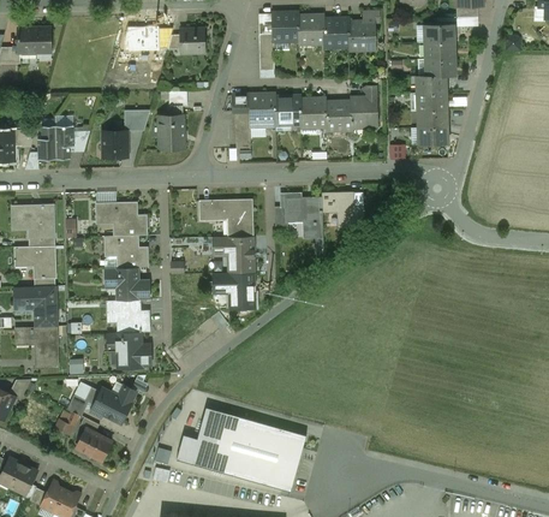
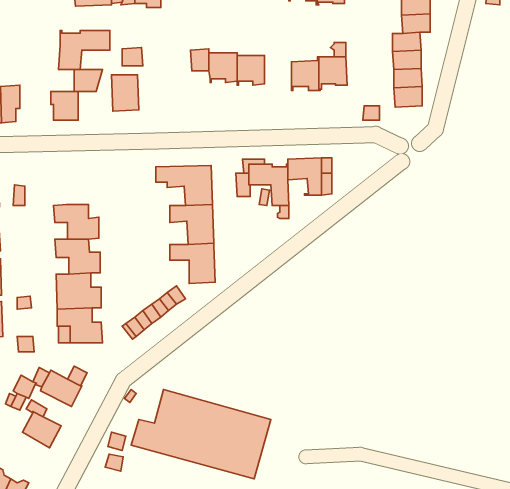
building: none -> [59,31,110,70]
building: [300,100,326,127] -> none
building: [105,203,147,236] -> none

